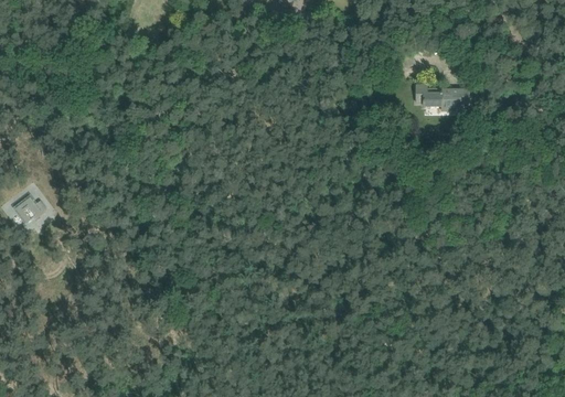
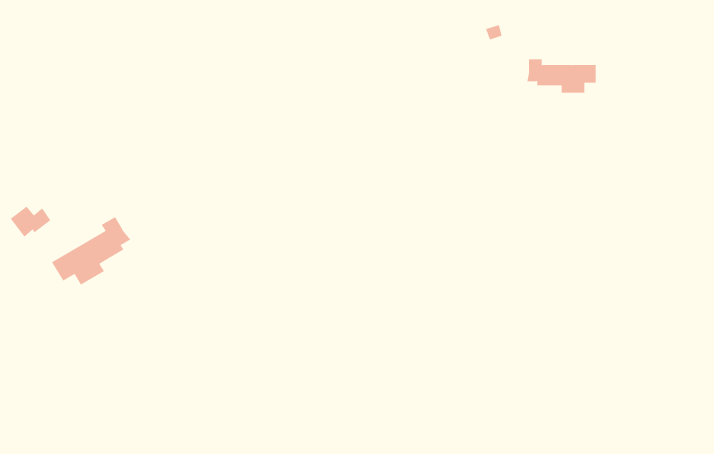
building: none -> [51,216,131,286]

